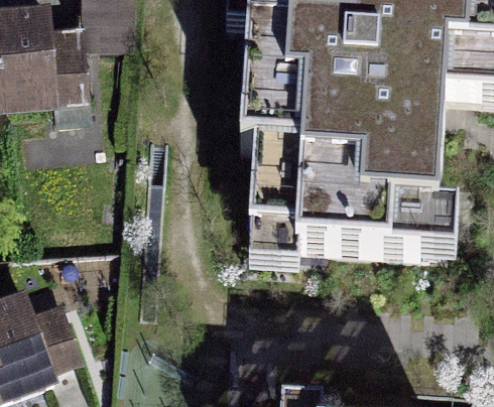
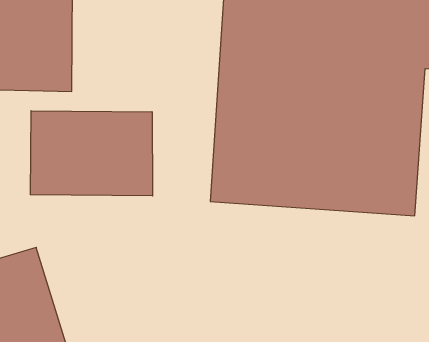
building: none -> [30,111,153,196]

